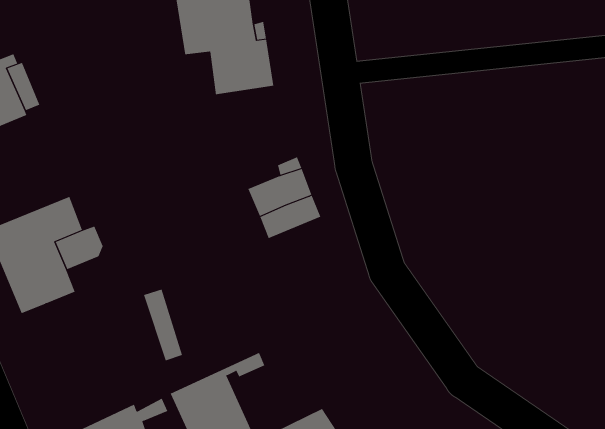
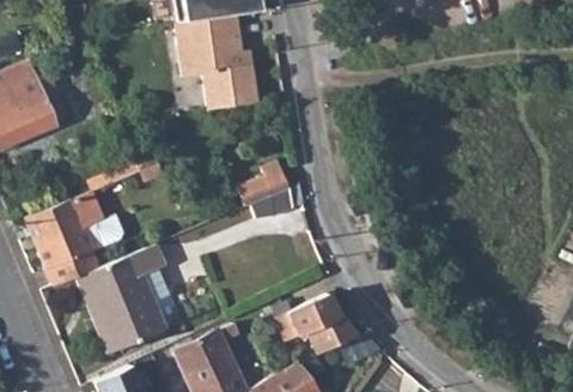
building: none -> [74,253,163,354]
building: none -> [276,290,358,352]

